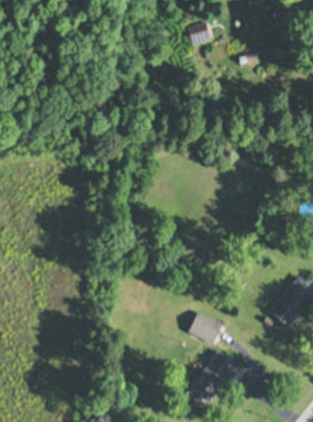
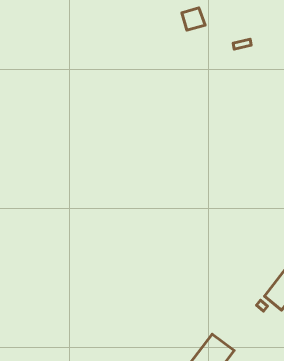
building: [188,313,223,346] -> none

